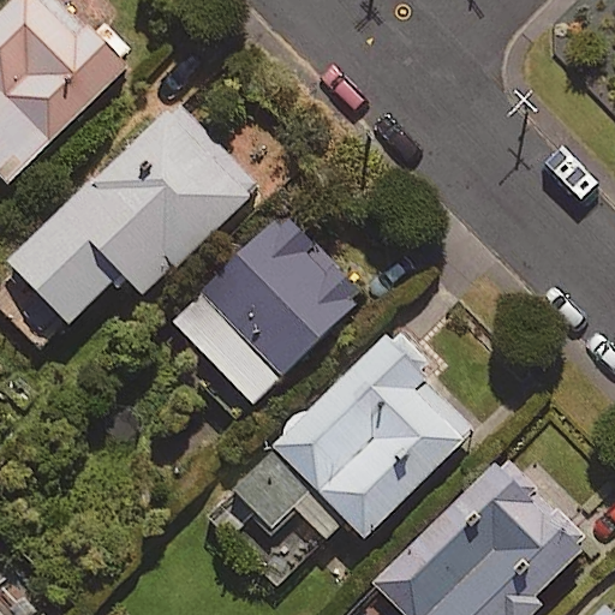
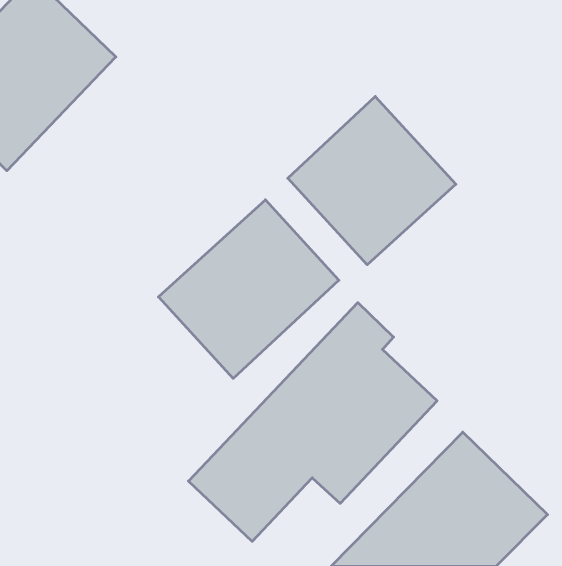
building: none -> [288,96,456,265]
building: [6,106,250,326] -> none

